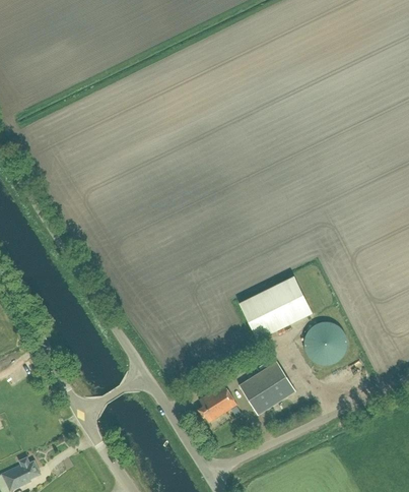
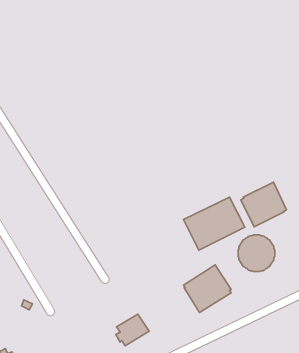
building: none -> [241,182,287,227]
building: [197,385,236,423] -> [116,314,149,346]

